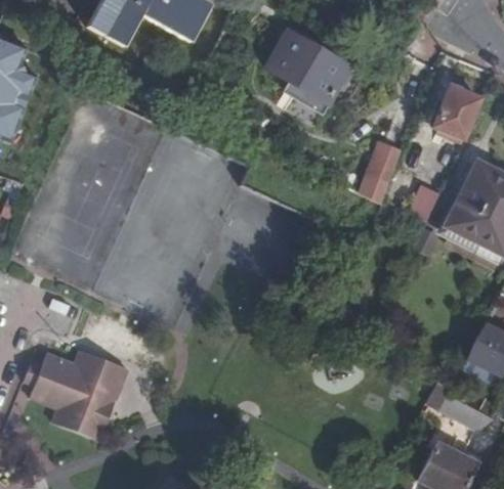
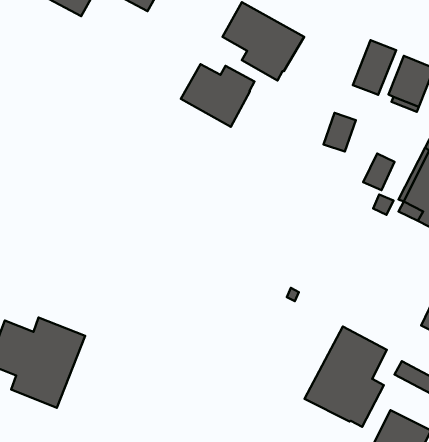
building: none -> [353,40,396,95]
building: none -> [181,64,255,127]
building: none -> [305,327,387,427]

